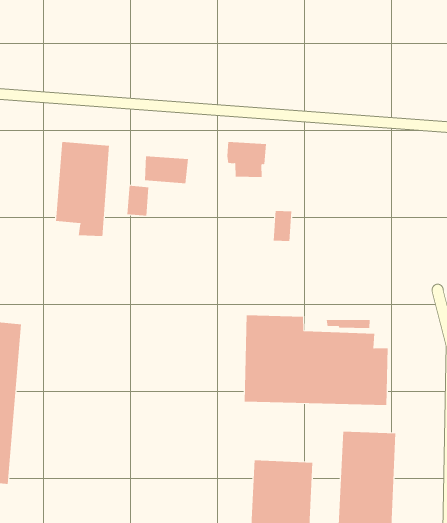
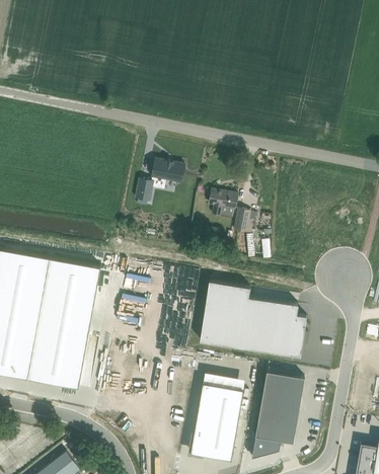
building: [55,141,110,237] -> none
building: [226,142,267,178] -> [209,189,238,218]
building: none -> [27,267,110,391]

